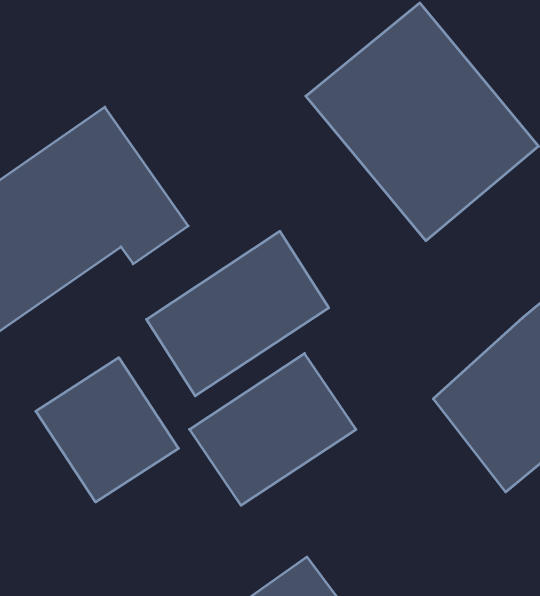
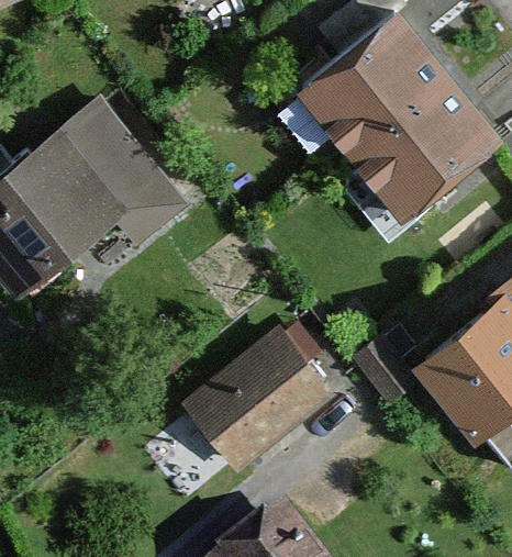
building: [146,231,329,396] -> none
building: [36,358,179,502] -> none

